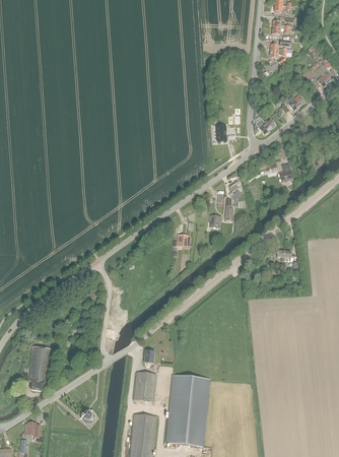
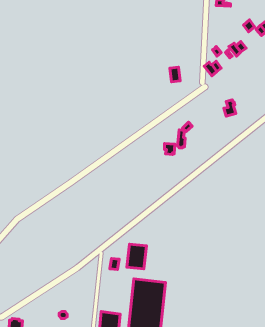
building: [28,346,52,391] -> none
building: [133,372,156,401] -> [127,244,147,269]

